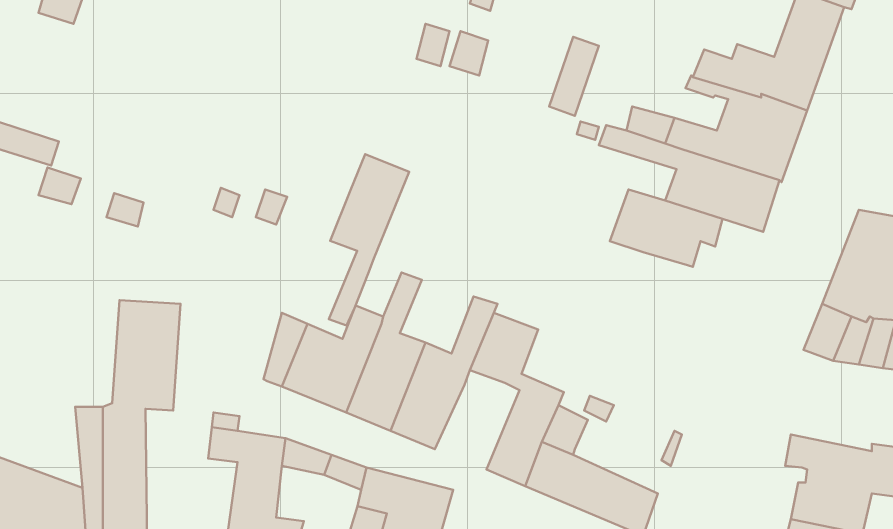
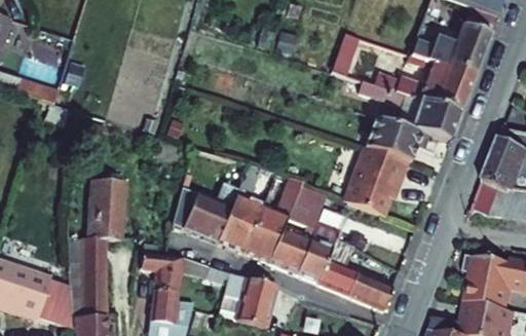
building: [329,154,409,326] -> none
building: none -> [344,146,408,216]
building: none -> [267,225,314,273]

